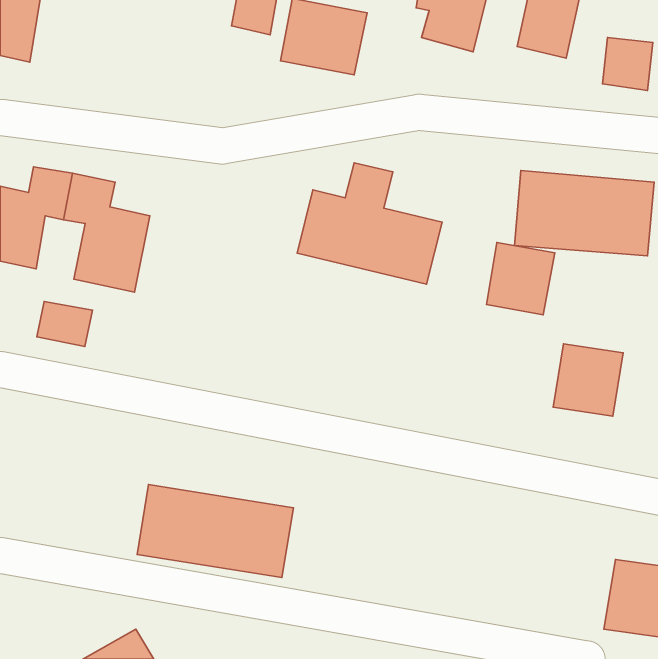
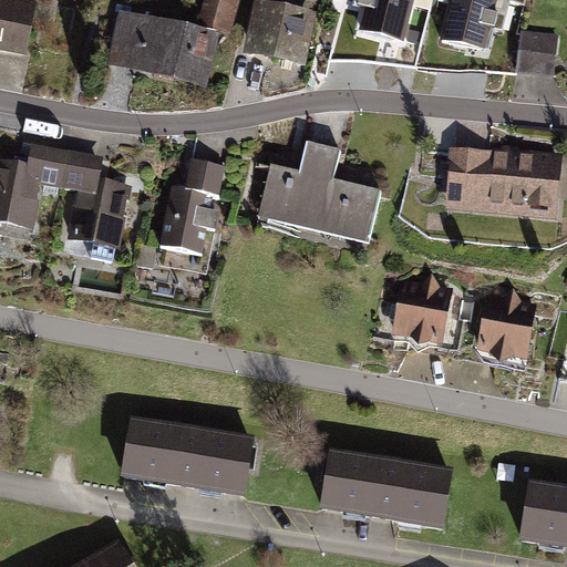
building: none -> [106,10,214,84]
building: none -> [158,157,225,251]
building: [486,242,555,315] -> [393,280,452,342]
building: [37,302,93,347] -> none
building: none -> [321,449,453,527]

